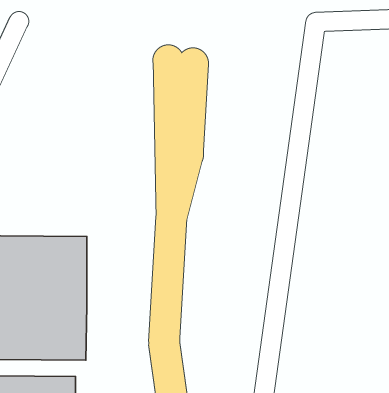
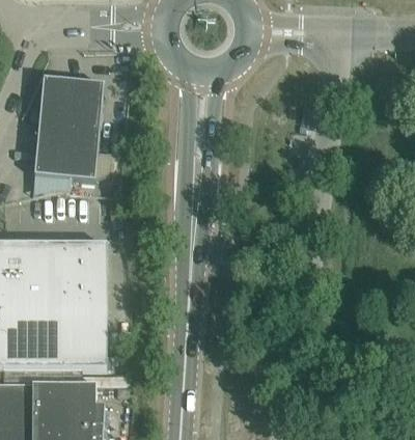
building: none -> [32,75,103,192]

